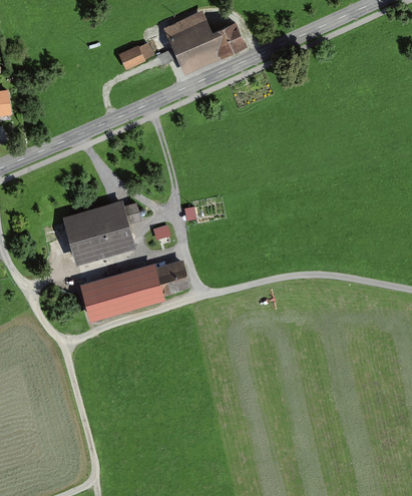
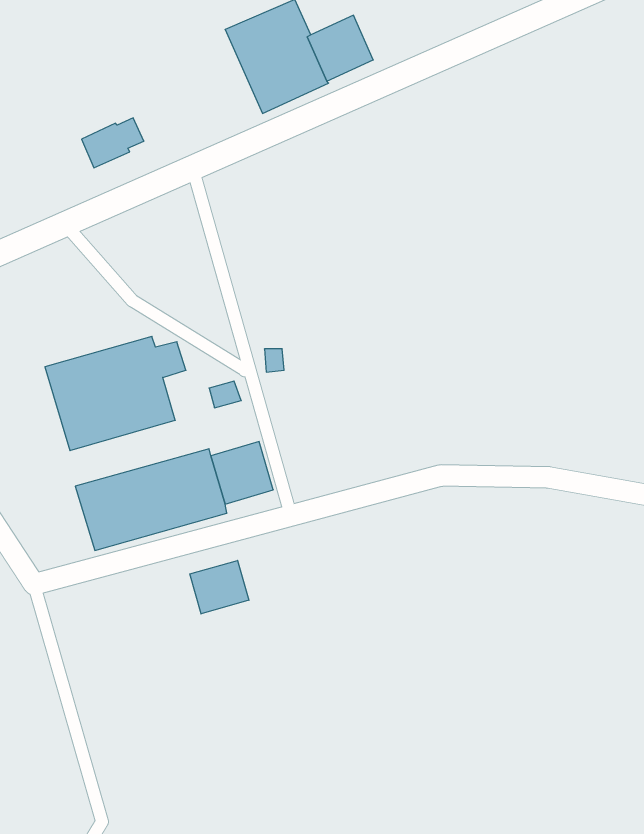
building: [118,43,153,71] -> [82,118,144,168]
building: none -> [190,560,249,614]

